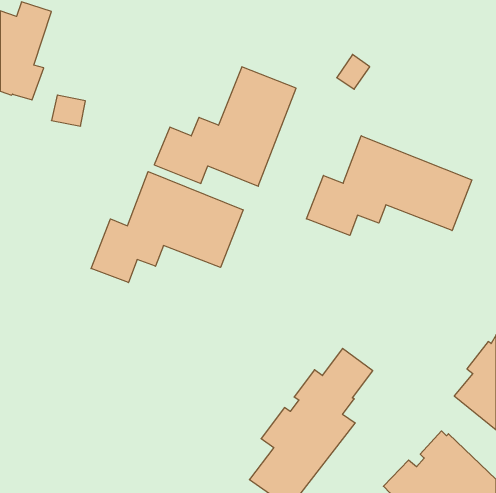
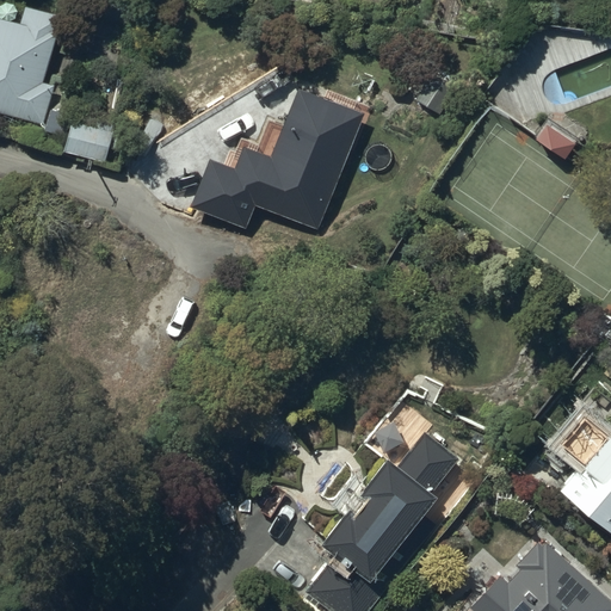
building: [306,136,472,235] -> none
building: [91,172,243,283] -> none

